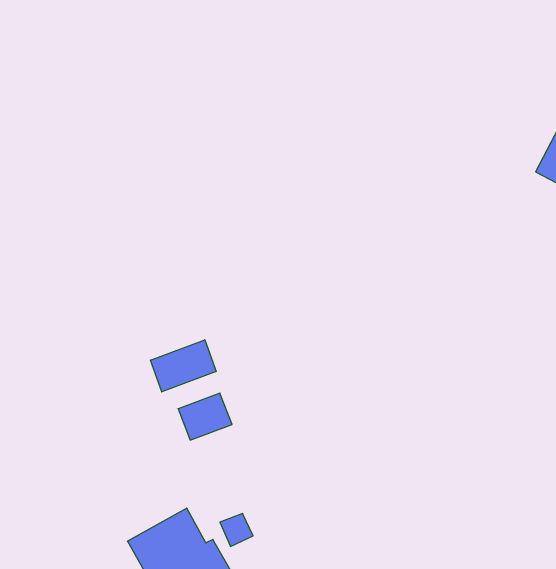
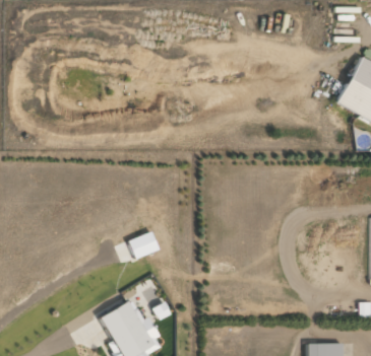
building: [150,340,216,392] -> none

